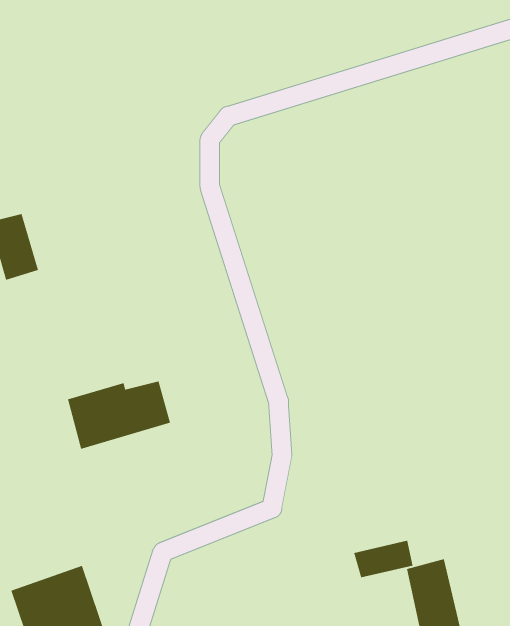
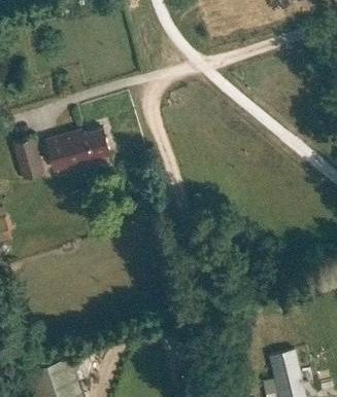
building: [67,381,171,449] -> [47,130,111,172]
building: [354,540,413,578] -> none

